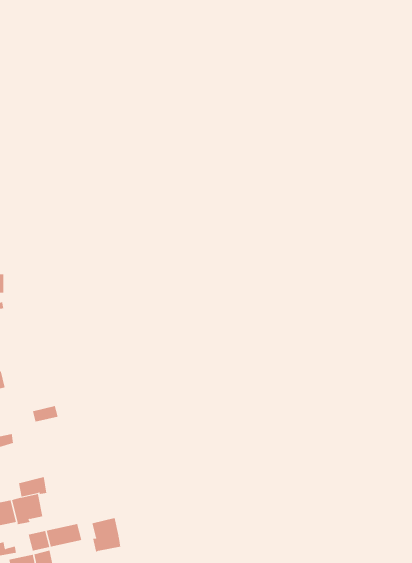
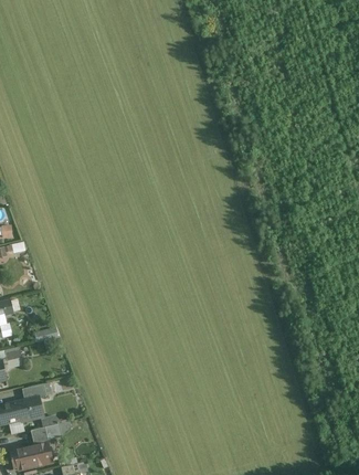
building: [92,517,121,553] -> none

